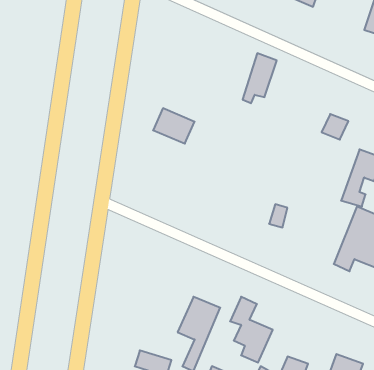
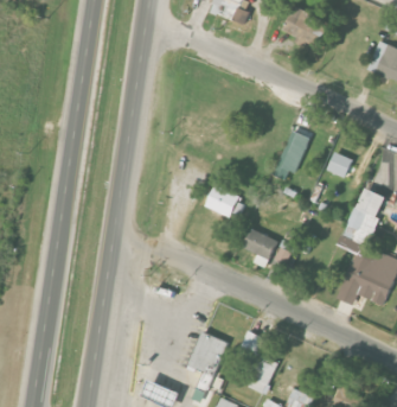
building: [243,53,277,103] -> [275,131,308,179]
building: [153,108,195,144] -> [205,186,245,221]
building: none -> [242,229,276,268]

